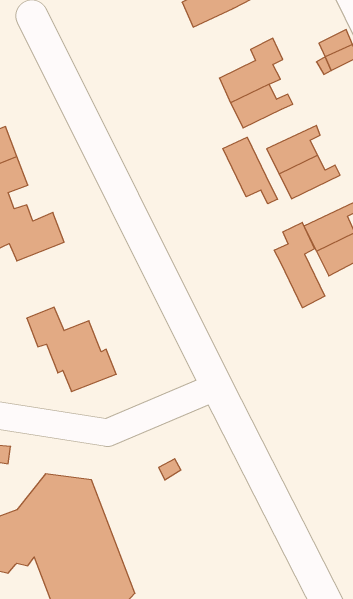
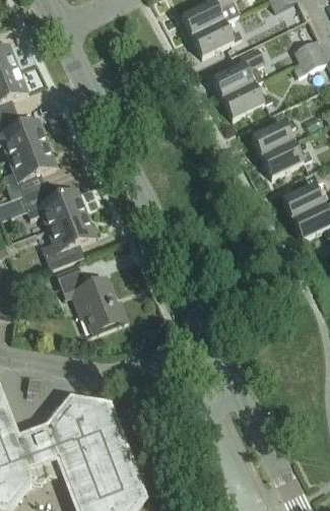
building: none -> [191,20,242,56]
building: [223,137,278,204] -> none
building: [274,222,325,308] -> none
building: none -> [41,211,95,268]

